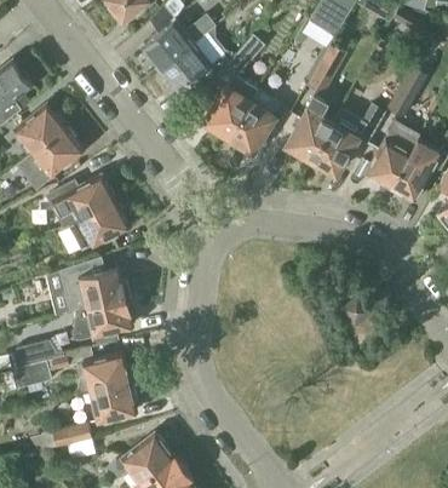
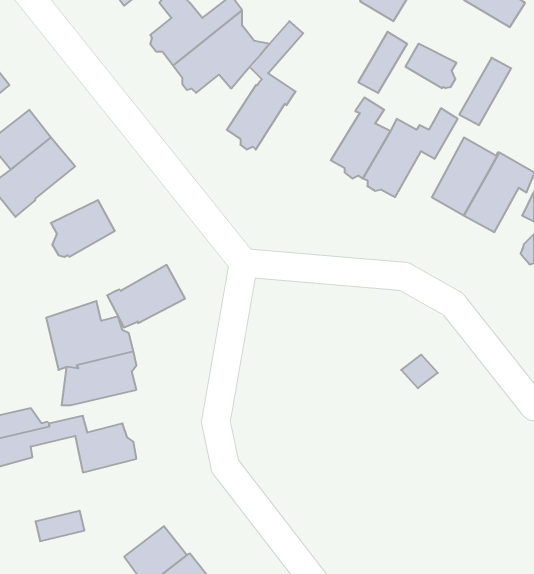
building: none -> [406,44,456,88]
building: [226,99,275,151] -> none
building: [68,200,130,249] -> [107,265,185,328]
building: [90,380,136,420] -> none

